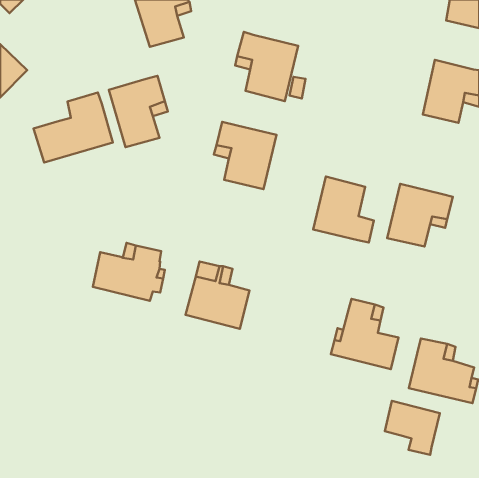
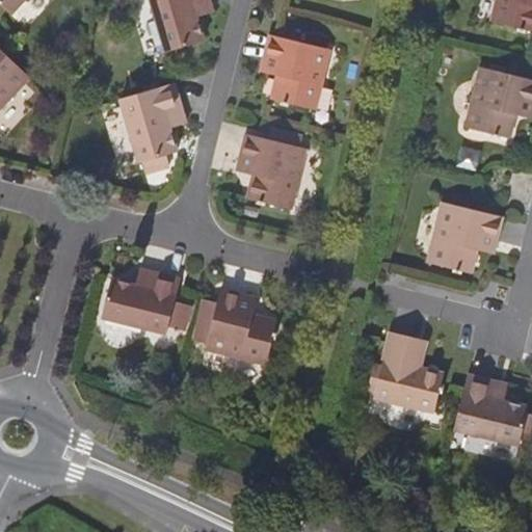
building: [33,93,113,163] -> none
building: [313,177,374,242] -> none
building: [385,401,440,455] -> none

